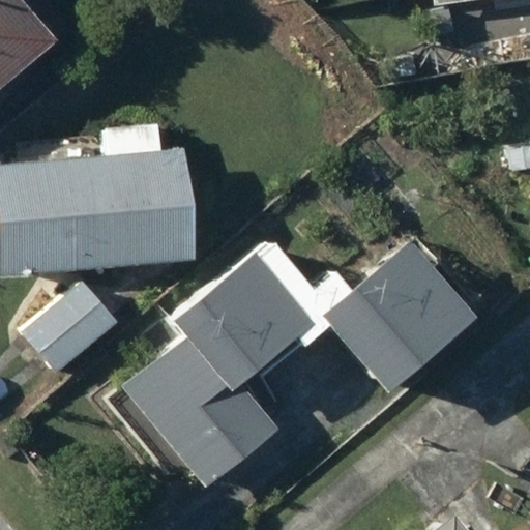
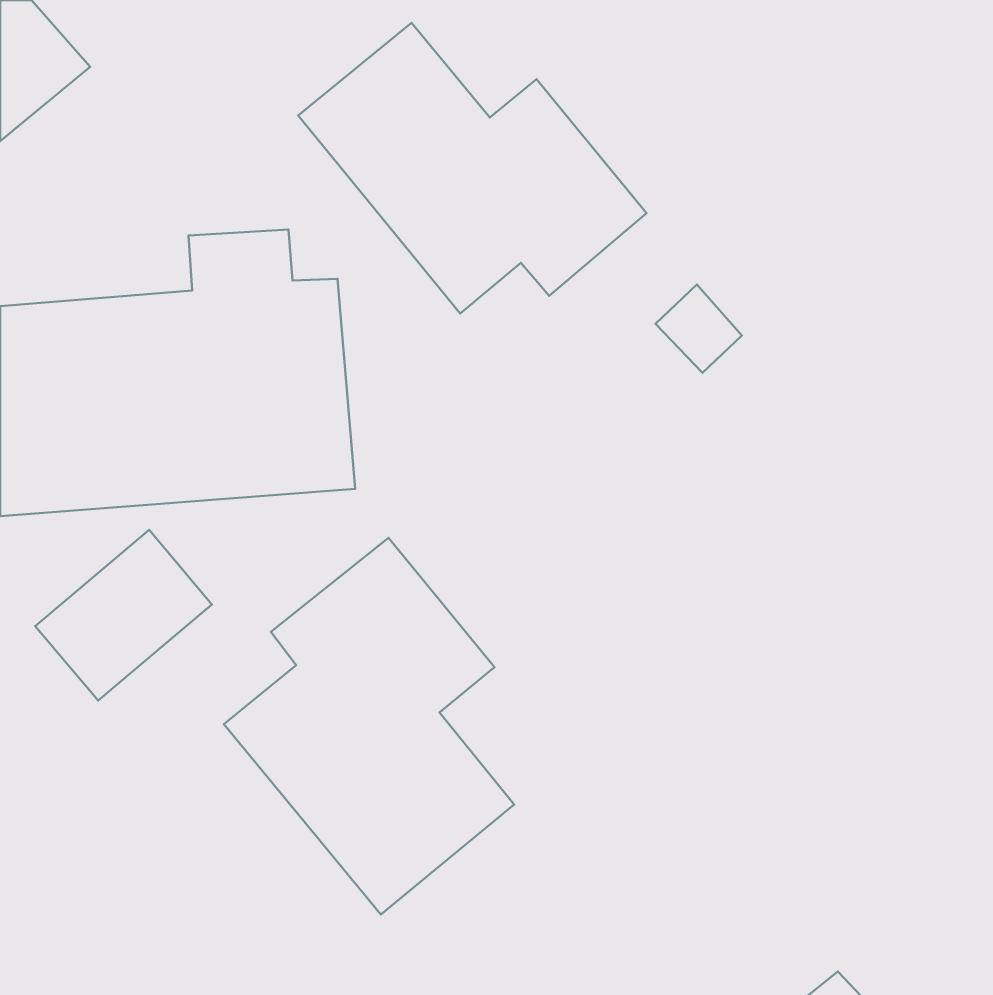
building: none -> [298,23,647,313]
building: [210,239,474,389] -> none

